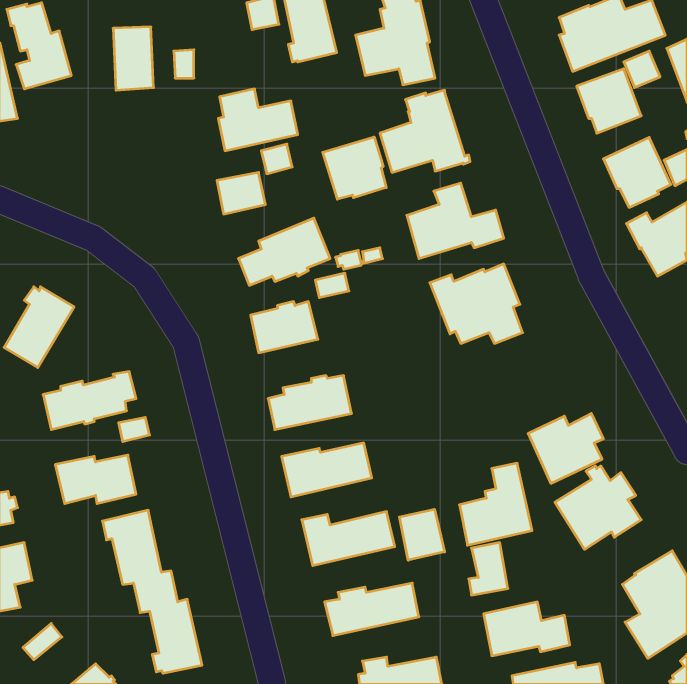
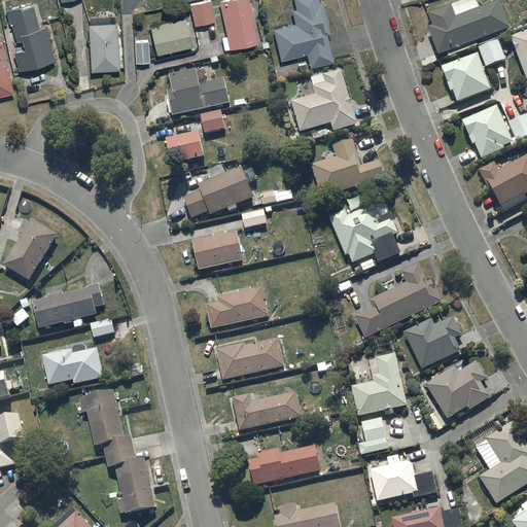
building: none -> [148,15,190,51]
building: [323,137,386,199] -> none
building: none -> [353,264,441,339]
building: [399,509,445,560] -> none

